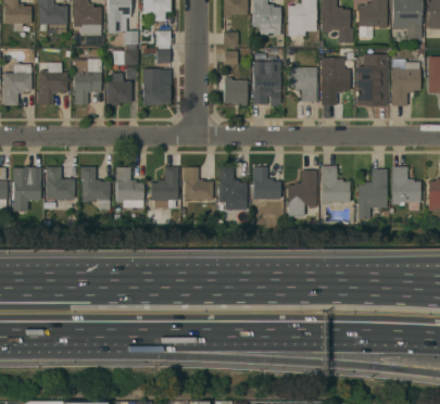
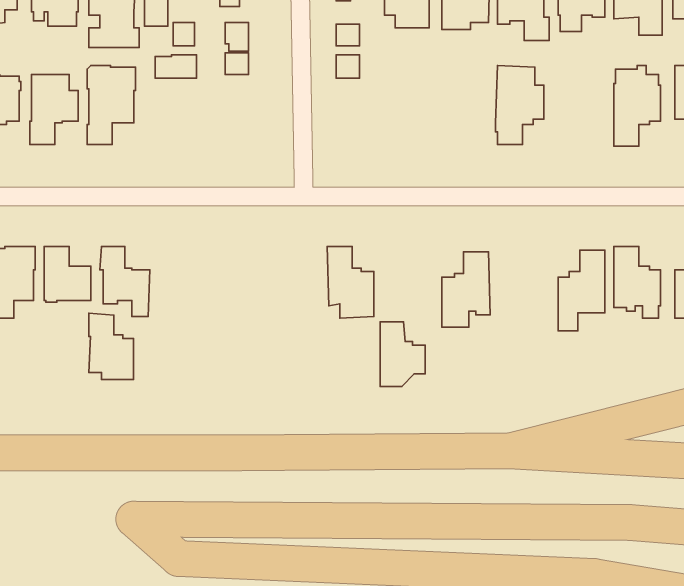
building: [356,54,387,106] -> none
building: [253,62,281,105] -> none
building: [288,67,316,102] -> none
building: [143,70,171,105] -> none
building: [108,73,131,105] -> none
building: [224,78,247,105] -> none
building: [322,166,350,204] -> none
building: [116,167,143,207] -> [89,313,134,380]
building: [151,167,178,209] -> none
building: [184,167,213,200] -> none
building: [253,167,280,206] -> [380,322,425,386]

